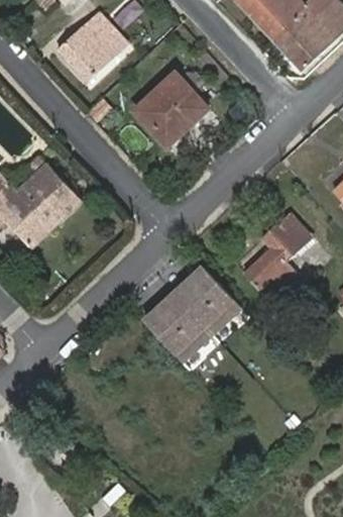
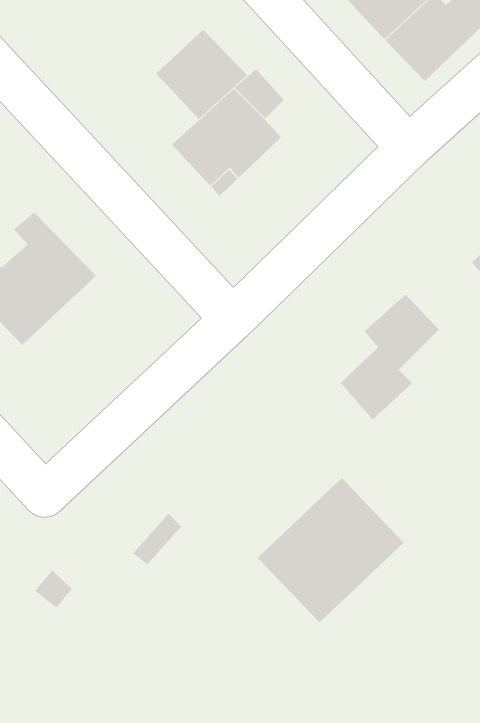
building: [55,20,118,82] -> [155,29,248,120]
building: [147,262,247,360] -> [257,477,405,623]

